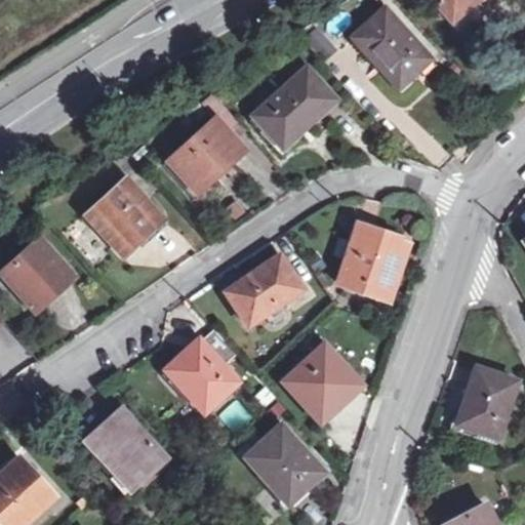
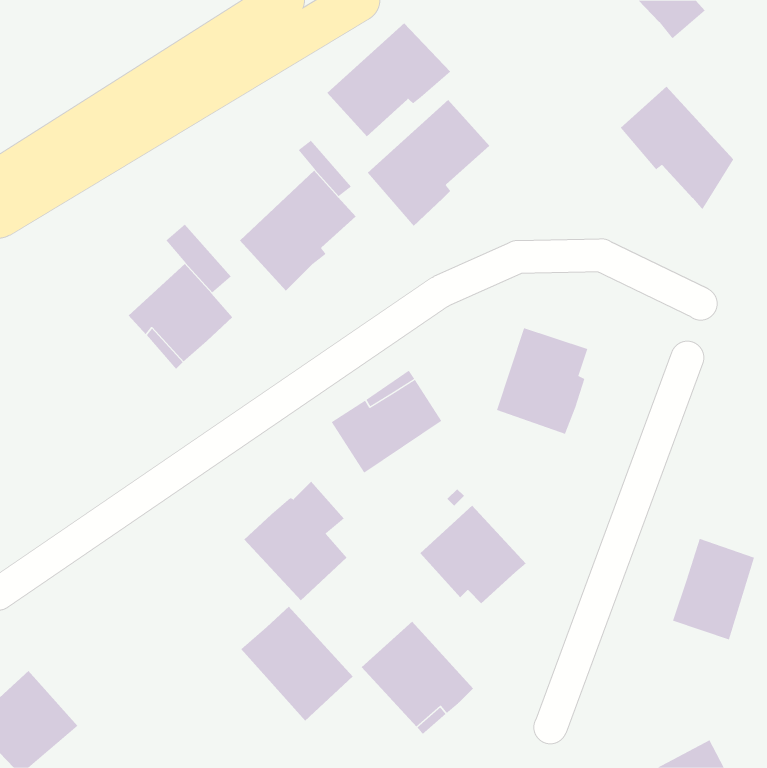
building: [353,8,431,93] -> [620,86,734,211]
building: none -> [326,23,451,137]
building: [4,240,72,307] -> none
building: [87,408,164,487] -> [241,606,353,721]

